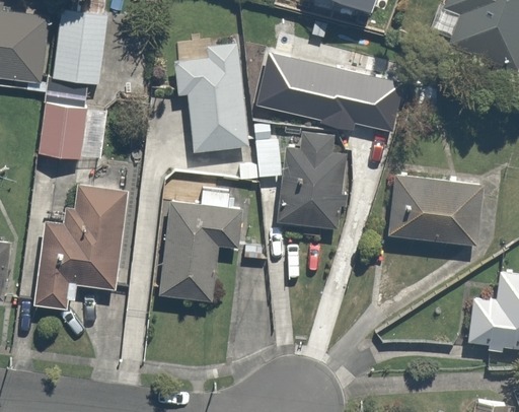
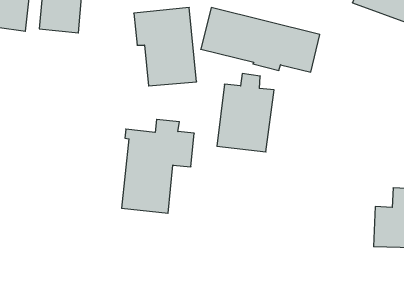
building: [38,105,90,159] -> none
building: [388,174,484,245] -> none
building: [35,185,128,307] -> none

